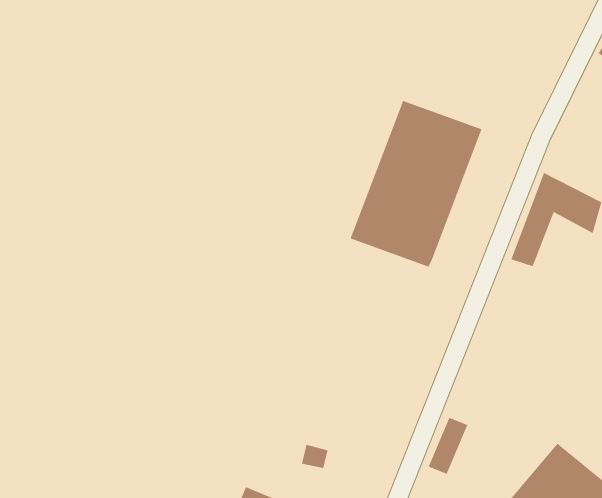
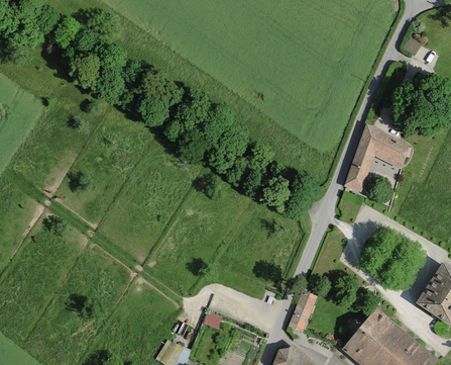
building: [350,100,482,268] -> none

